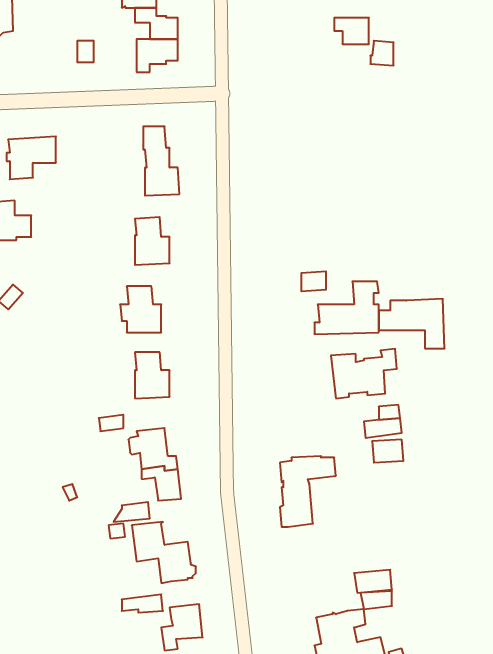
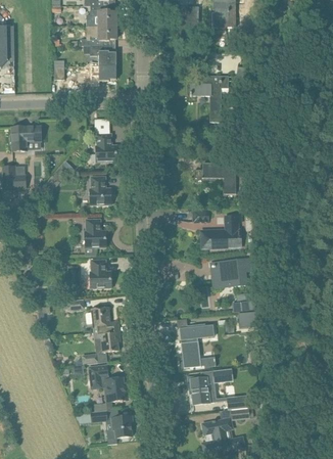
building: none -> [190,76,229,122]
building: [379,299,445,348] -> [195,163,236,193]
building: none -> [187,368,232,405]

